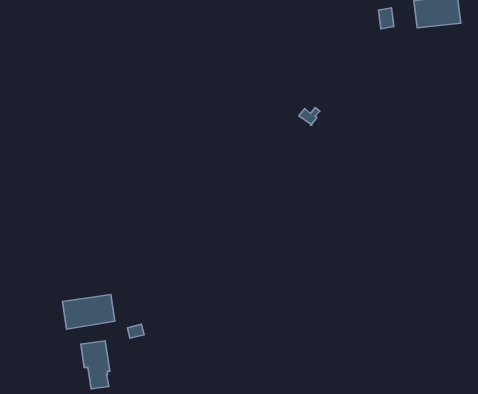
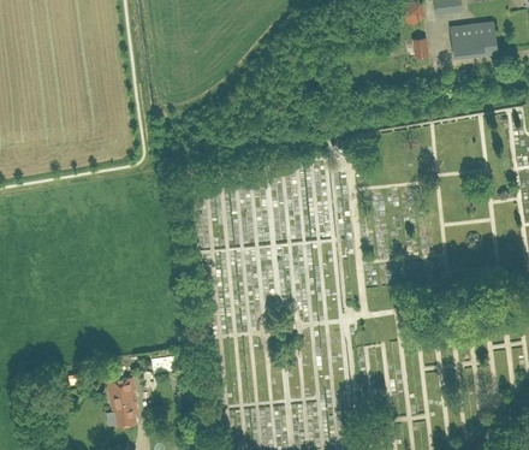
building: [62,295,115,329] -> none

